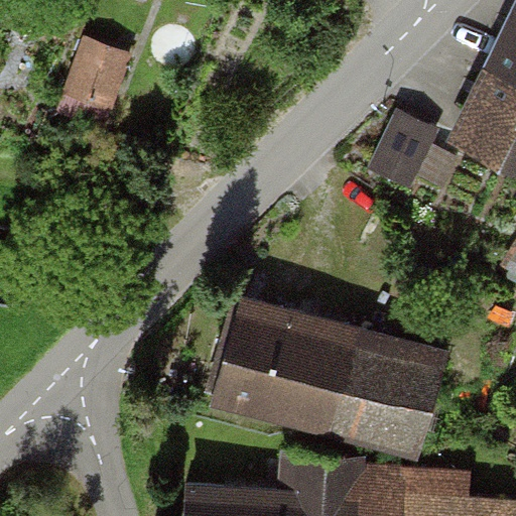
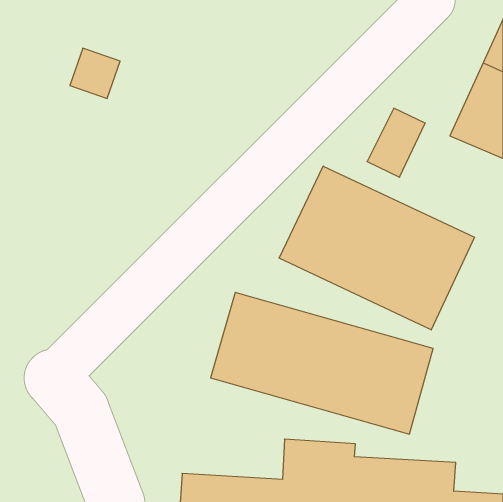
building: none -> [279,166,475,330]

